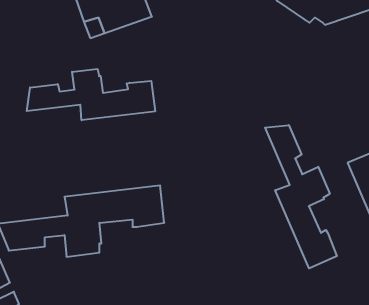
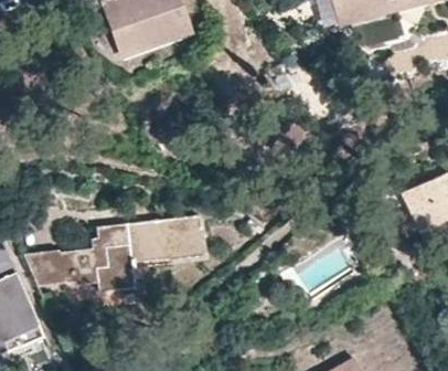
building: [27,69,155,120] -> none
building: [265,125,337,268] -> none

